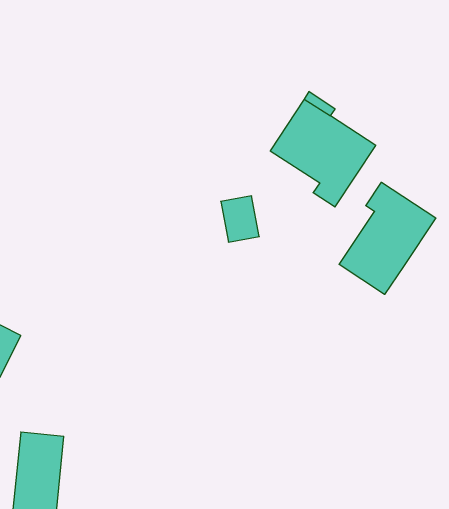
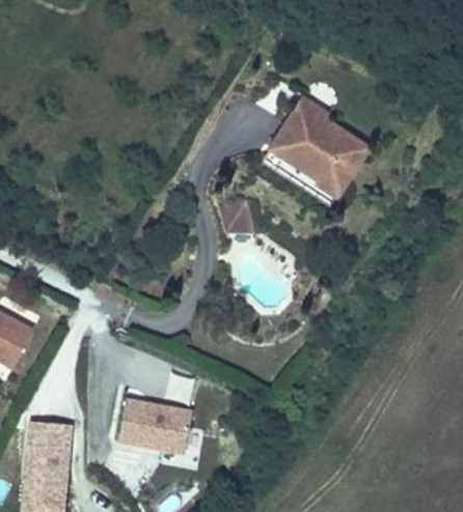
building: [339,182,436,294] -> none
building: none -> [116,398,189,453]

